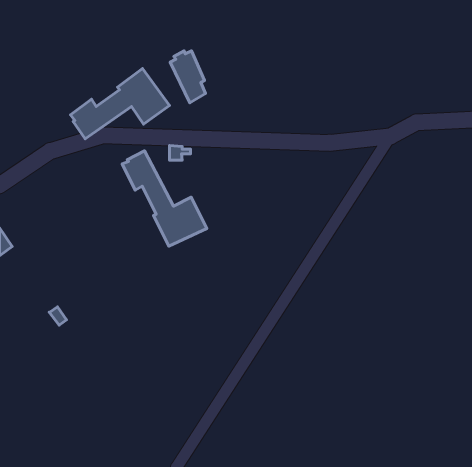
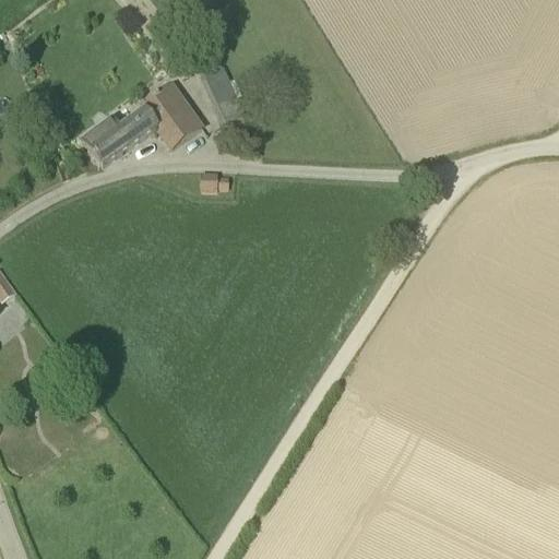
building: [122,151,207,246] -> none

